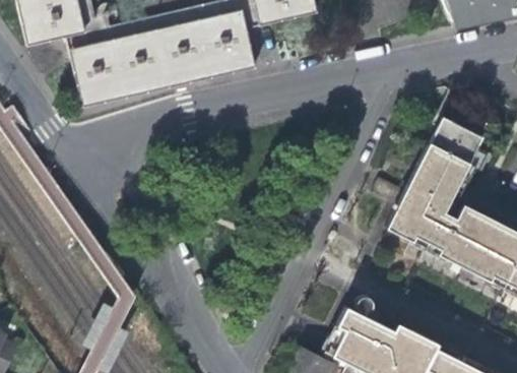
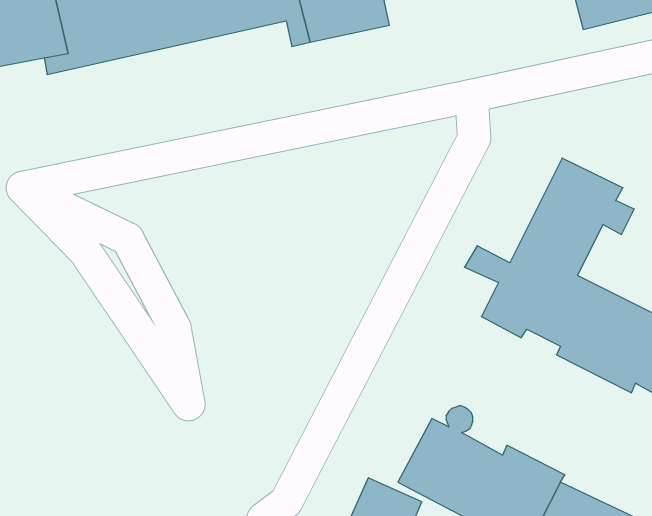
building: [70,16,255,115] -> none

